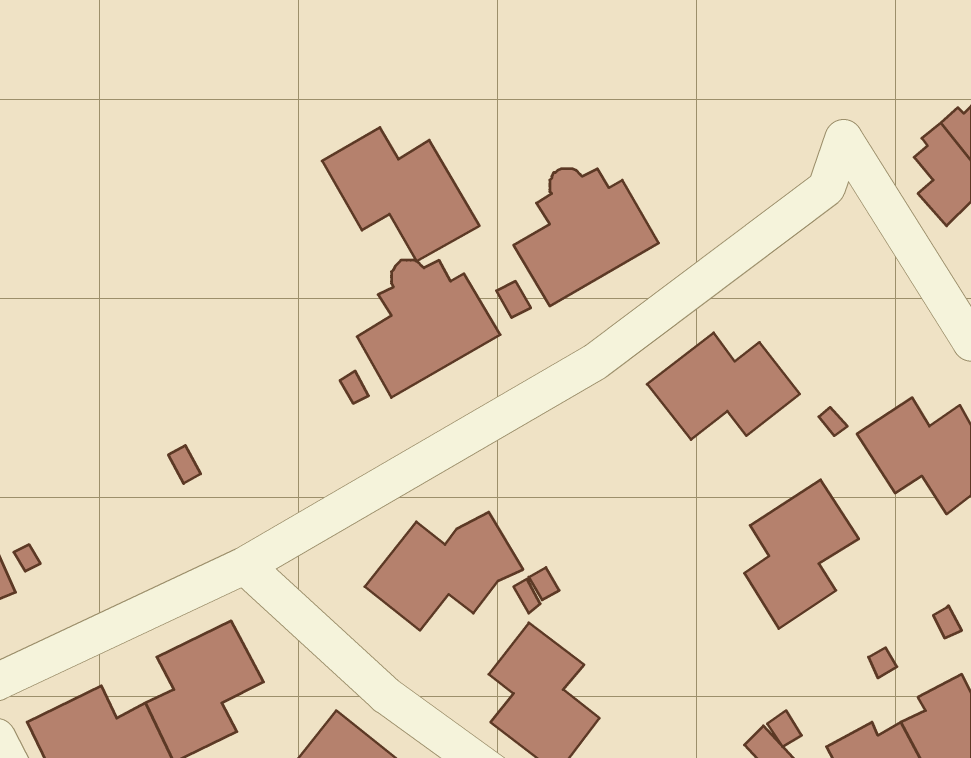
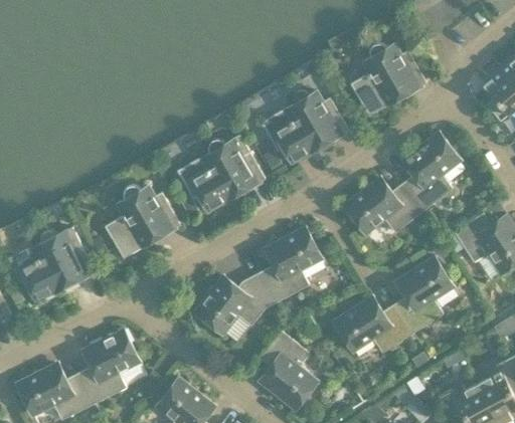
building: none -> [351,43,426,117]
building: [322,127,479,261] -> none
building: none -> [402,132,461,210]
building: none -> [105,186,181,258]
building: none -> [260,226,323,302]
building: none -> [9,227,95,301]
building: none -> [333,297,412,353]

